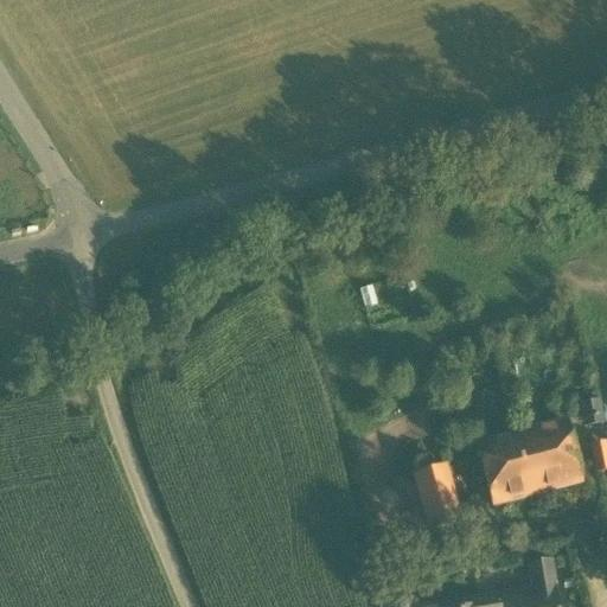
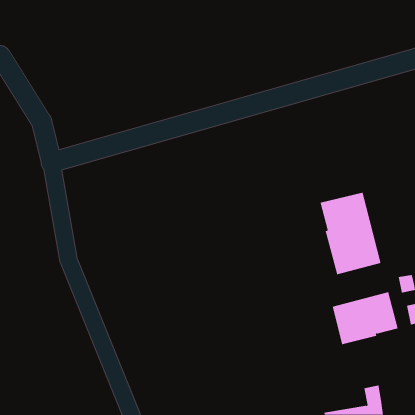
building: none -> [320,192,381,275]
building: [418,468,462,525] -> none

